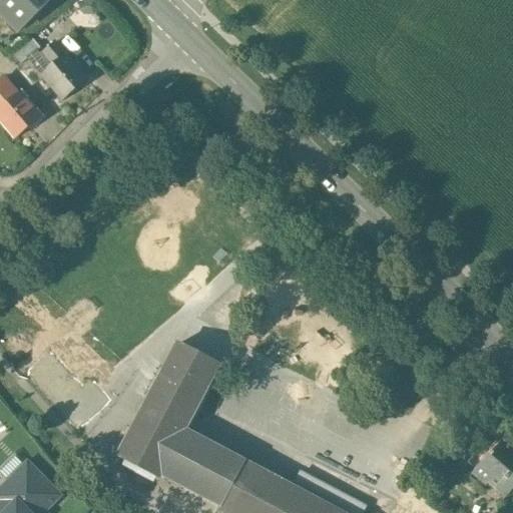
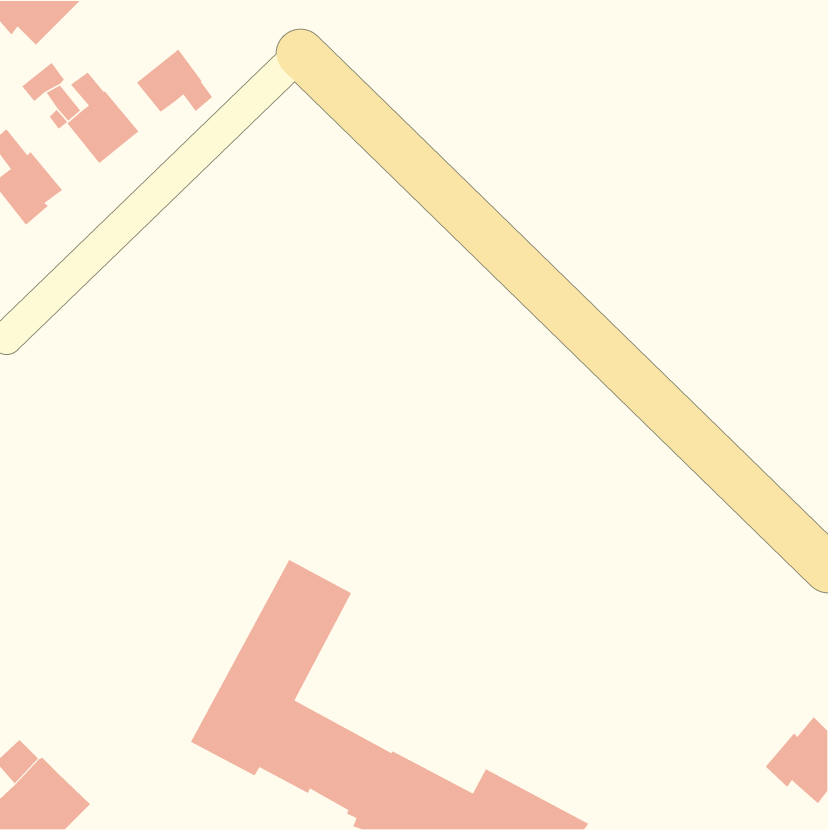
building: none -> [136,48,213,113]

